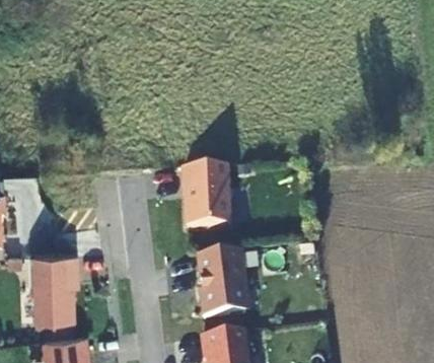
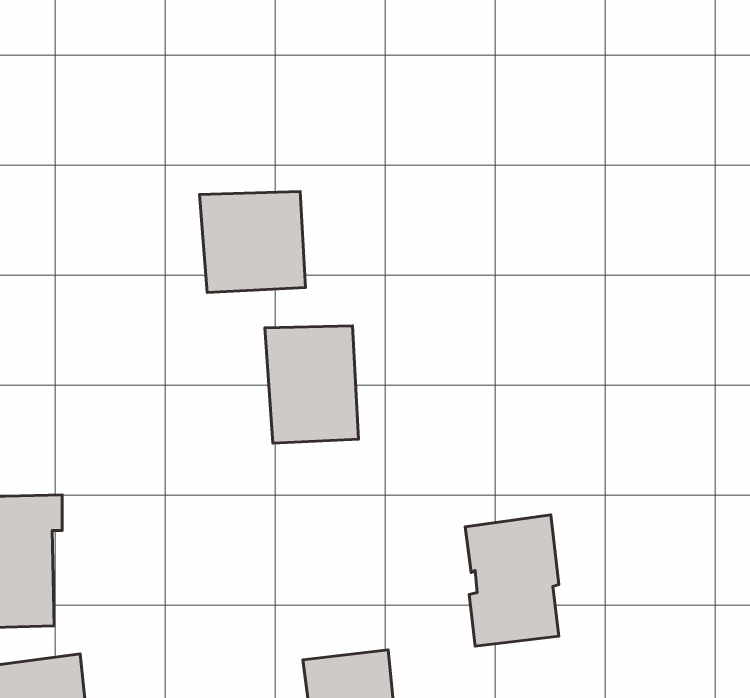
building: none -> [200,191,306,293]
building: [197,252,244,319] -> [465,515,559,646]

